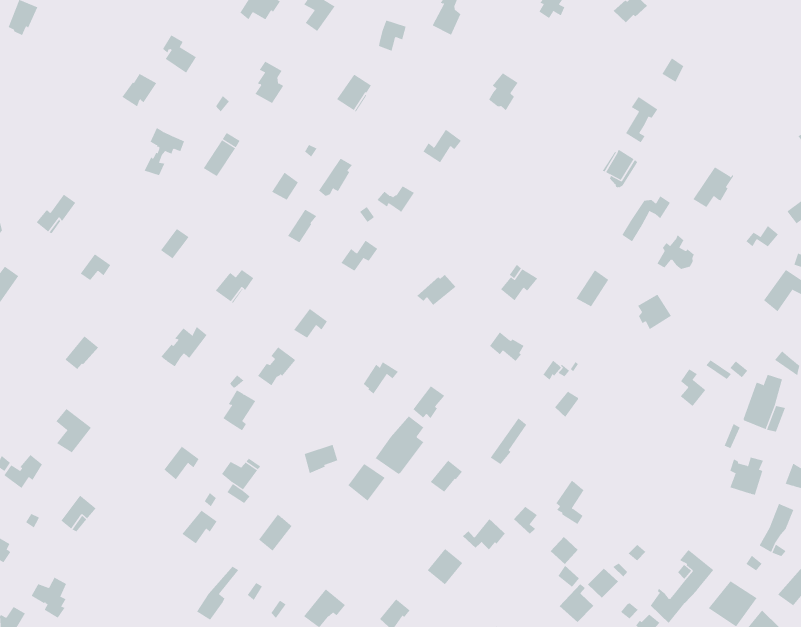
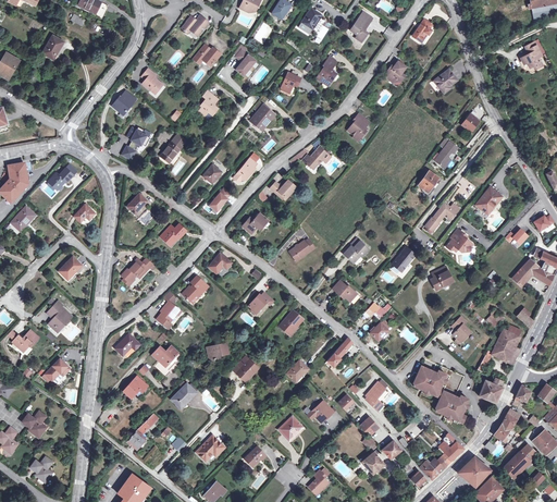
building: [375,415,424,475] -> none
building: none -> [416,357,469,421]

